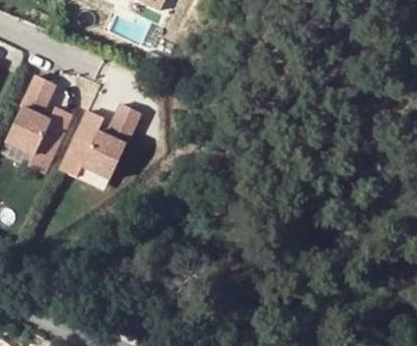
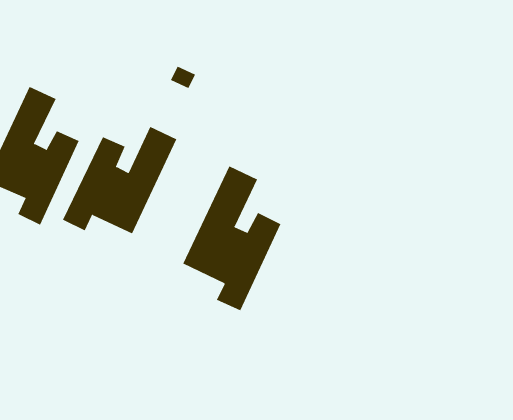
building: none -> [182,166,281,311]

